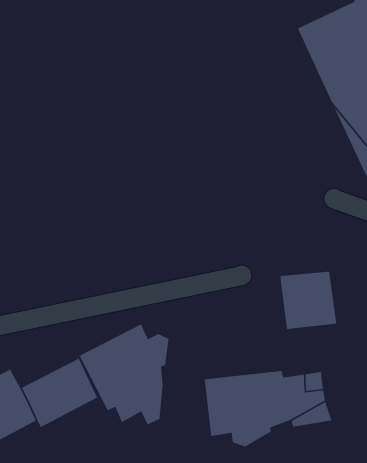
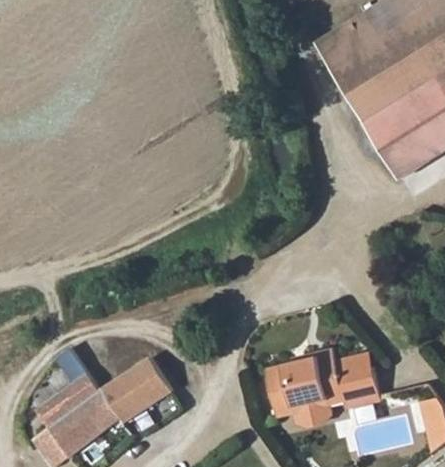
building: [279,271,337,330] -> none
building: [78,323,170,426] -> none

